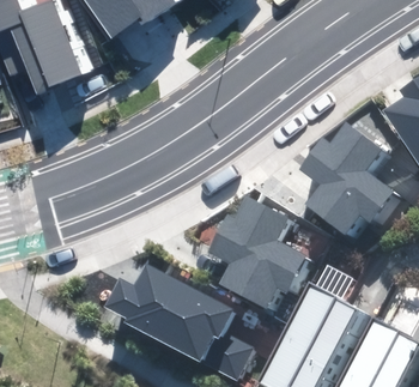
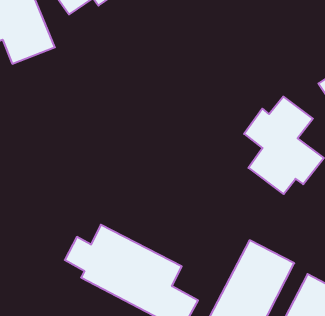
building: [206,200,304,308] -> none

